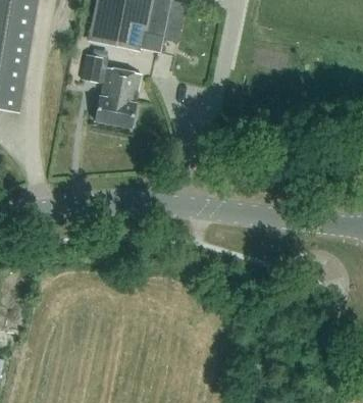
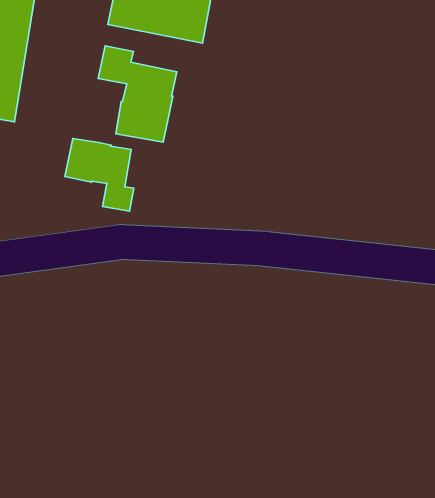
building: none -> [65,138,134,211]

